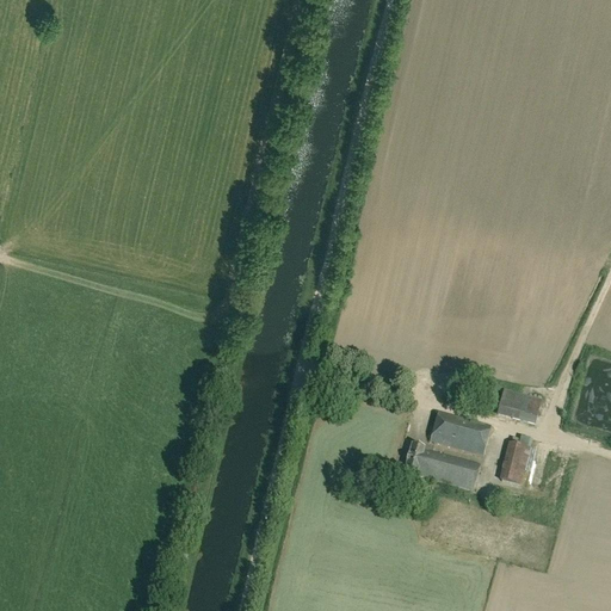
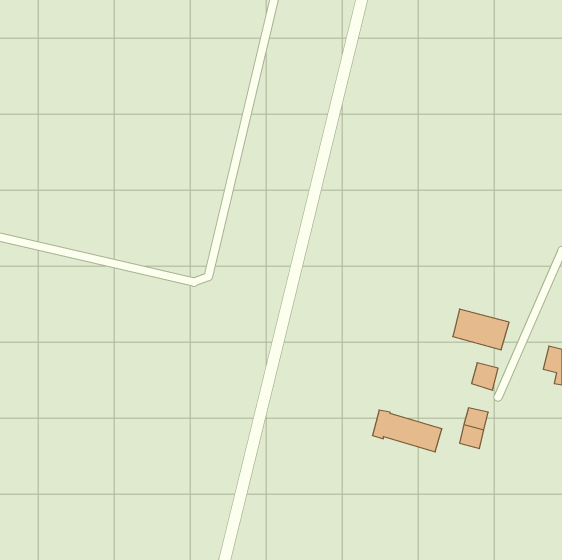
building: [430,409,490,453] -> [453,309,509,350]

